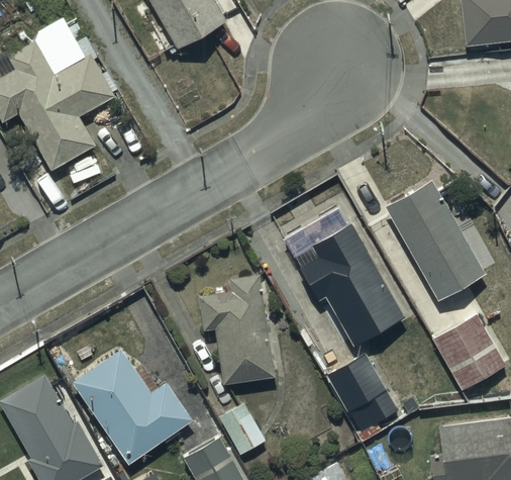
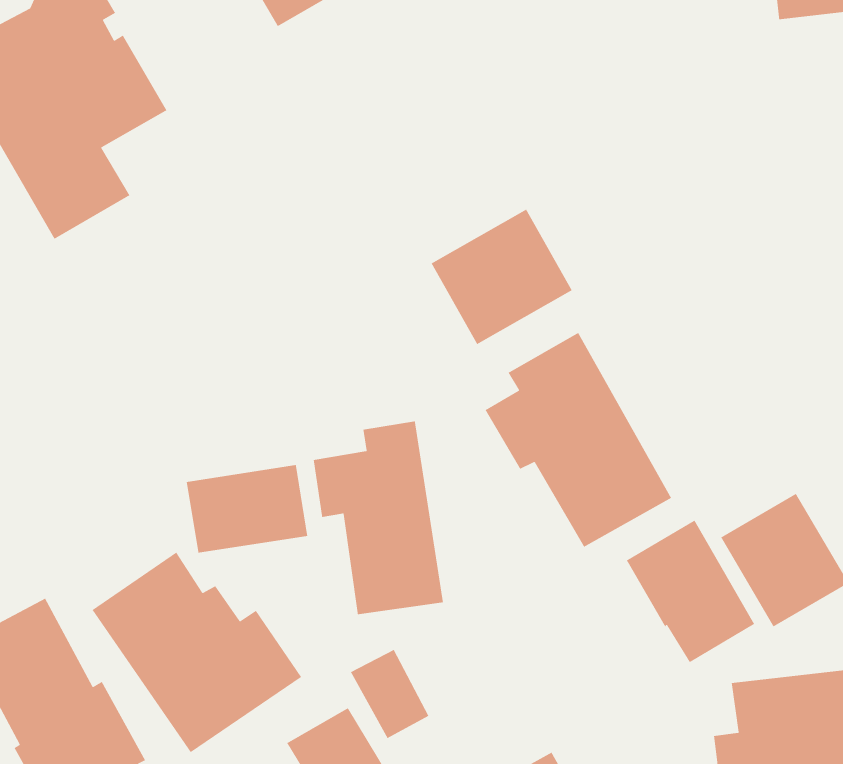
building: none -> [430,208,573,345]
building: [384,178,485,300] -> none
building: none -> [186,464,308,554]
building: [325,353,399,435] -> [626,520,755,663]

